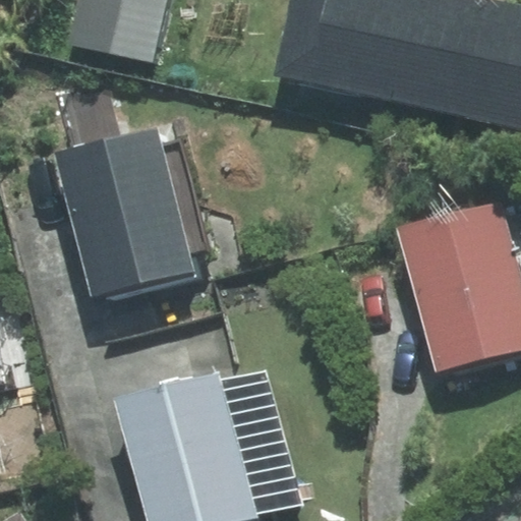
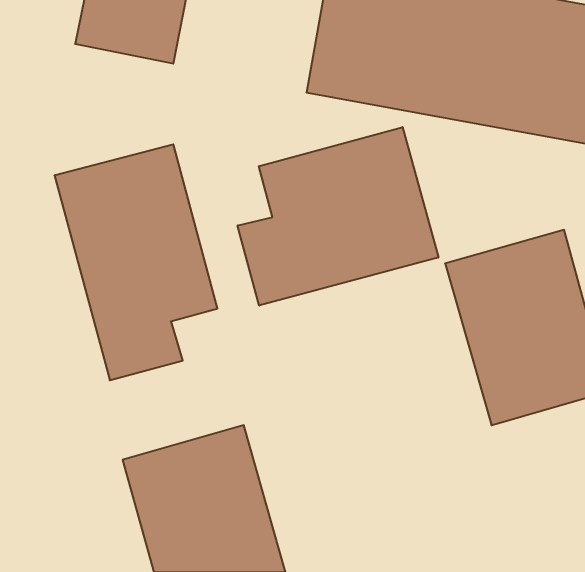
building: none -> [238,127,438,306]

